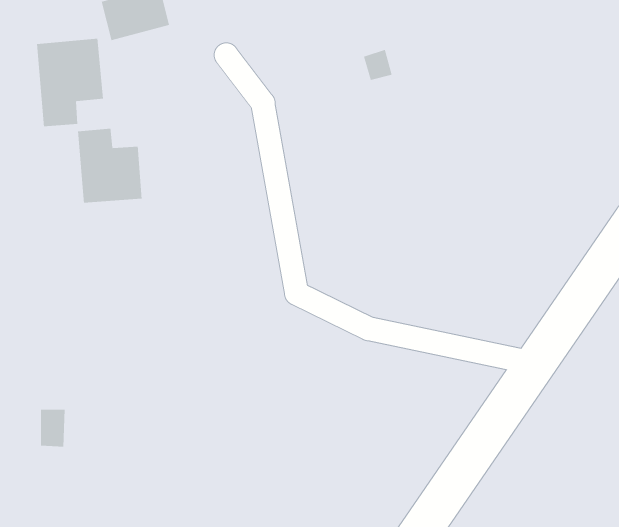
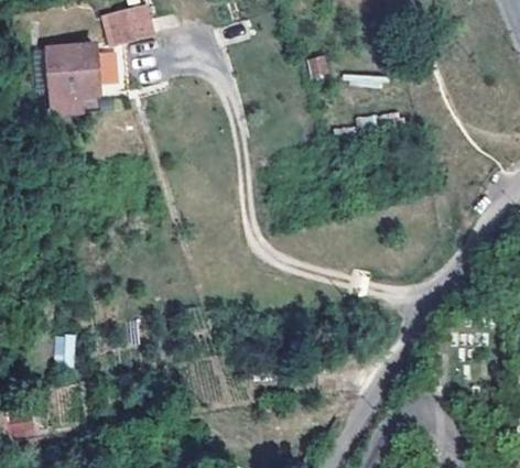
building: [77,128,142,204] -> none

